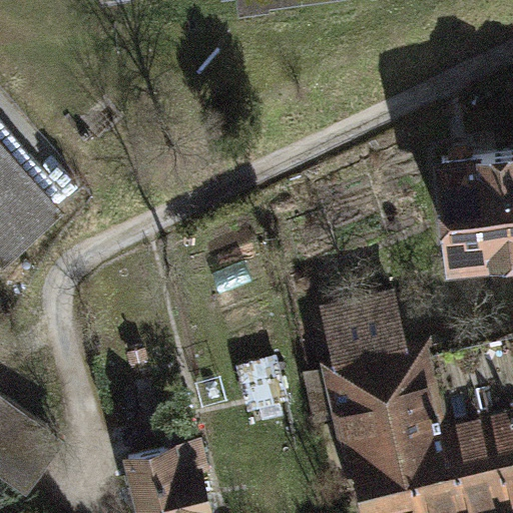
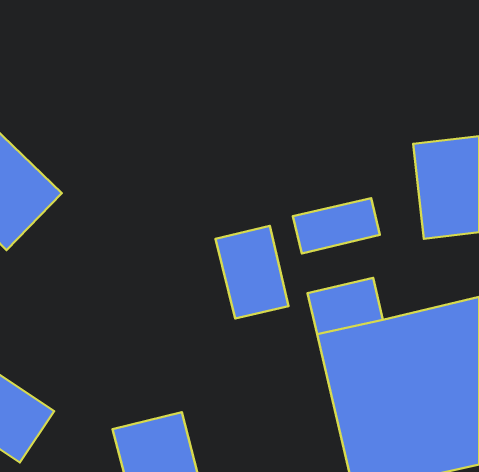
building: none -> [293,198,380,254]
building: none -> [216,226,288,318]

